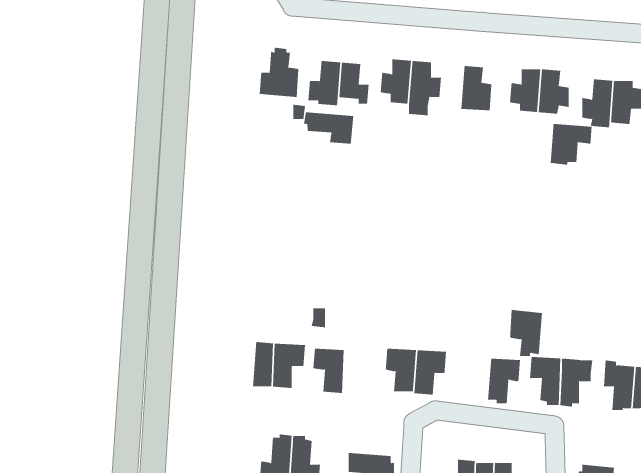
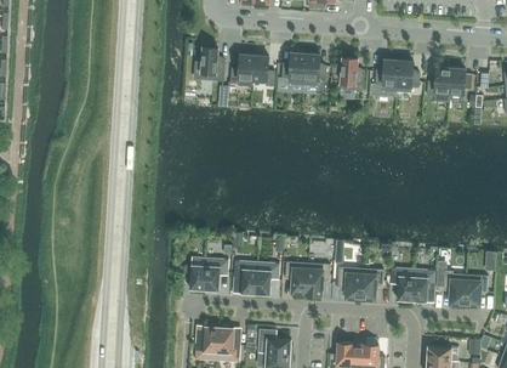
building: [303,112,354,144] -> none
building: [550,123,592,166] -> none
building: [509,309,543,357] -> [337,266,361,300]
building: none -> [255,262,279,294]

